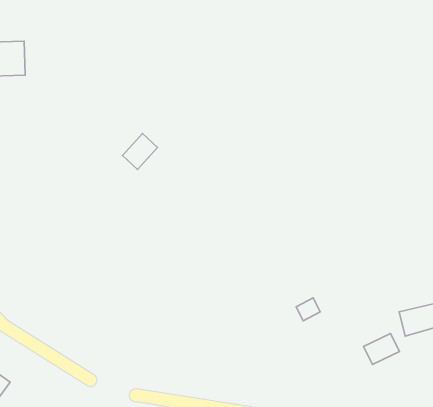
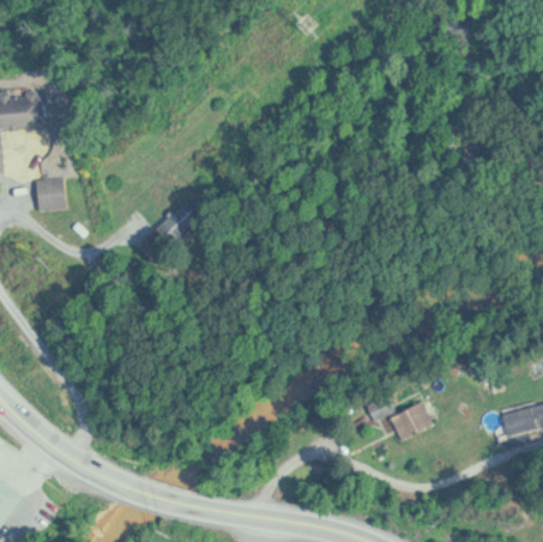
building: none -> [32,179,64,212]
building: [364,333,400,365] -> [386,404,429,441]

